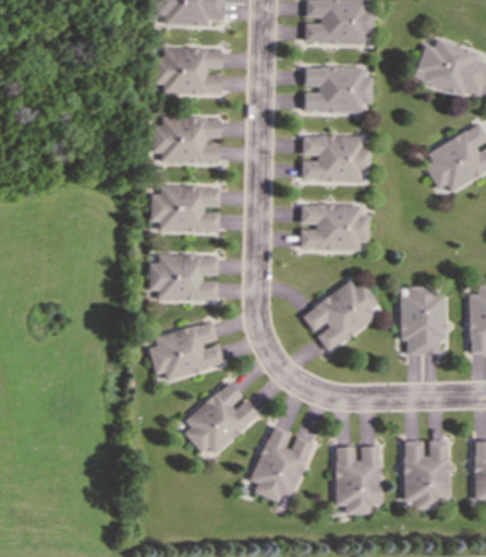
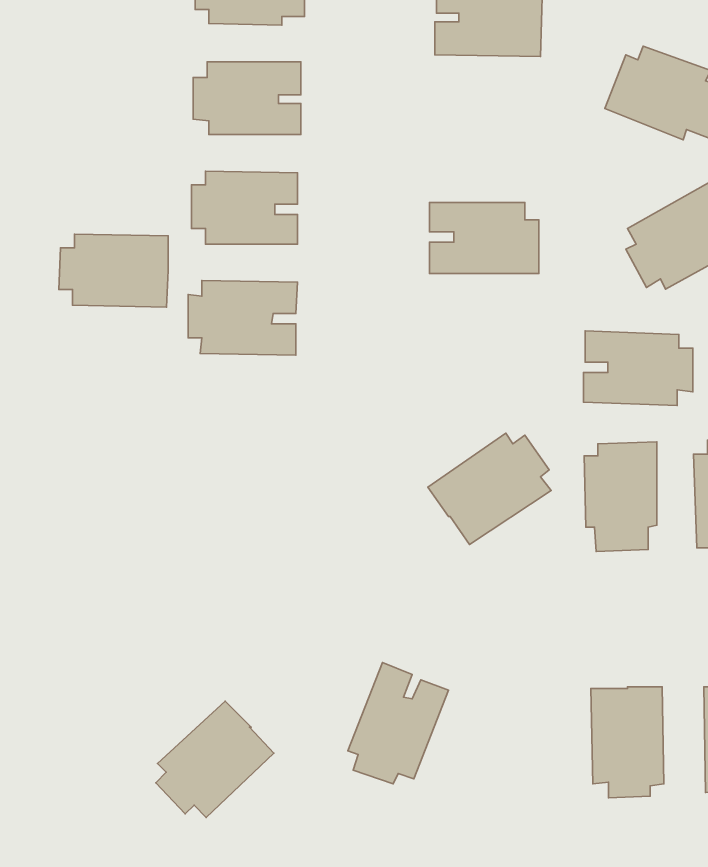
building: [304,65,372,111] -> none
building: [300,203,368,250] -> [583,331,693,406]
building: [148,254,217,300] -> [59,234,168,307]
building: [149,322,223,378] -> none
building: [184,380,258,453] -> [156,701,274,817]
building: [335,445,381,513] -> none

